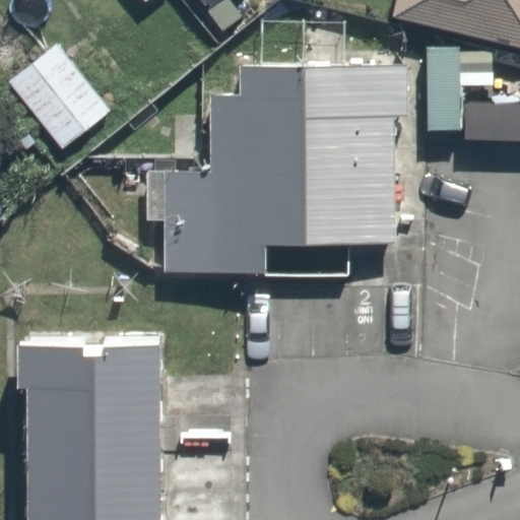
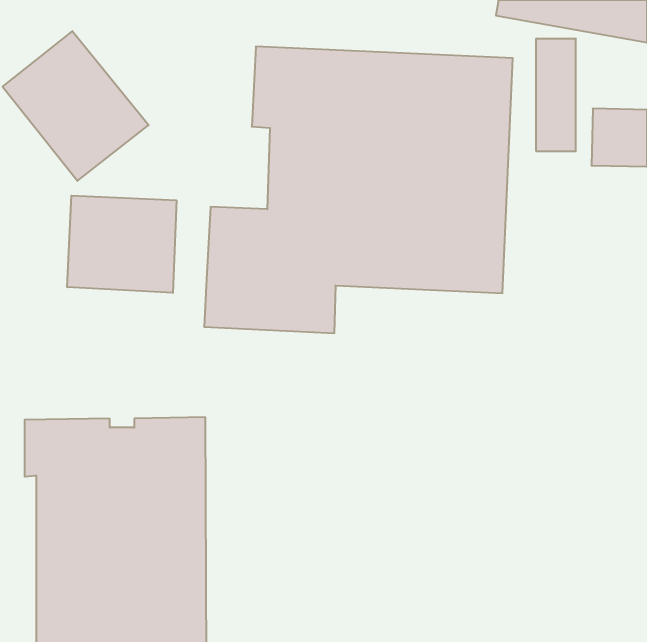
building: none -> [67,196,176,293]

